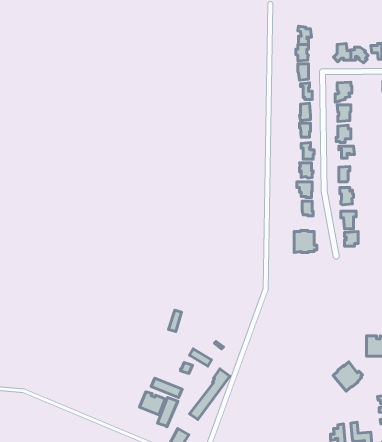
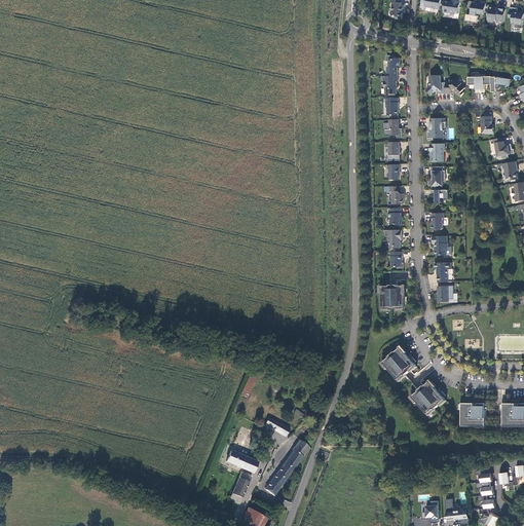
building: none -> [382,347,415,379]
building: [333,362,363,391] -> [412,381,445,414]
building: [140,392,165,415] -> none

